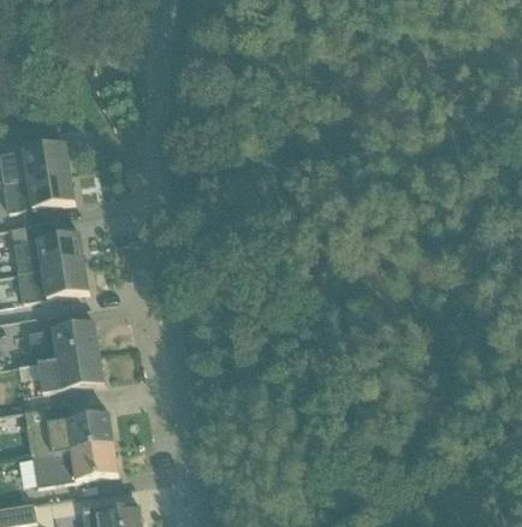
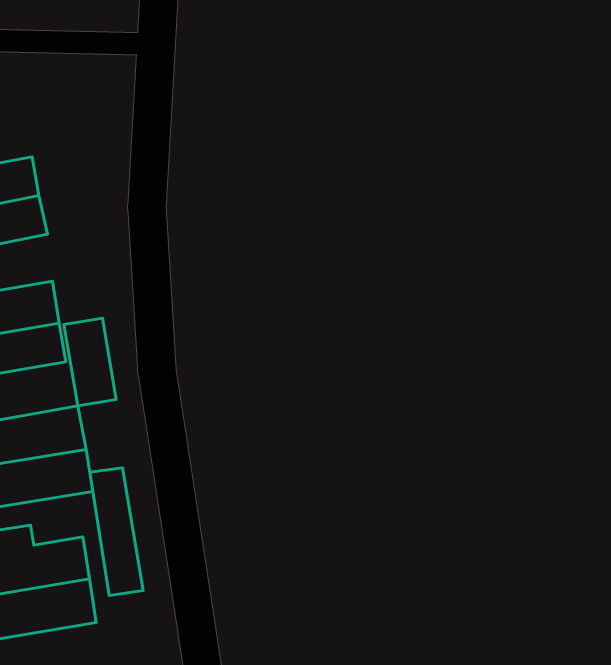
building: none -> [64,318,116,406]
building: none -> [90,468,143,595]

